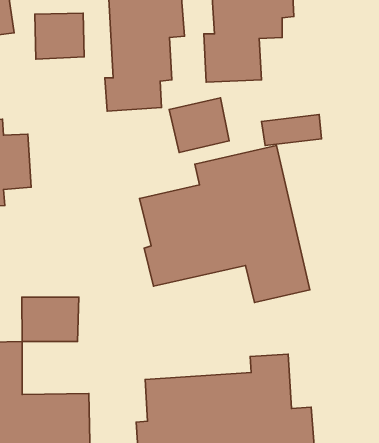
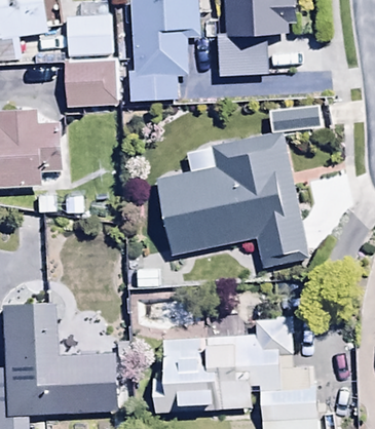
building: none -> [65,55,118,107]
building: [169,98,229,152] -> none
building: [22,297,79,342] -> none

